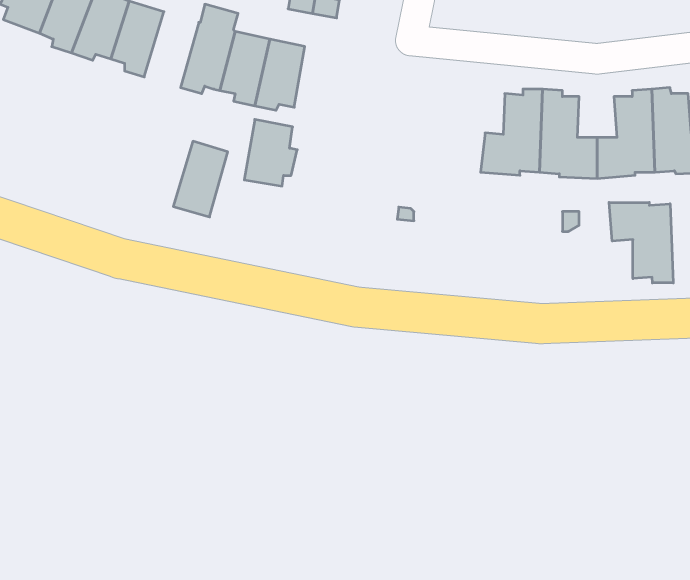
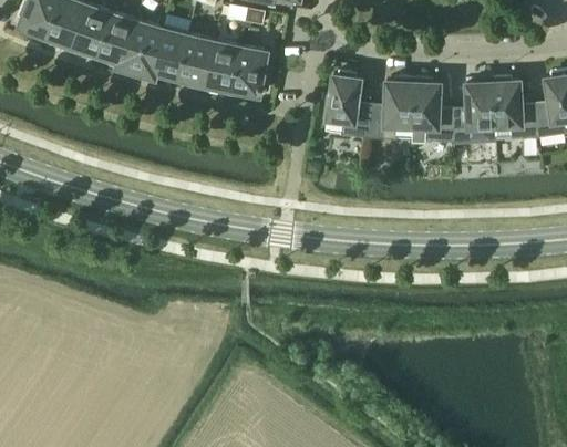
building: none -> [322,72,371,138]
building: [244,119,297,186] -> [231,46,270,95]
building: [173,141,228,217] -> [122,21,162,76]
building: [609,202,673,283] -> none

